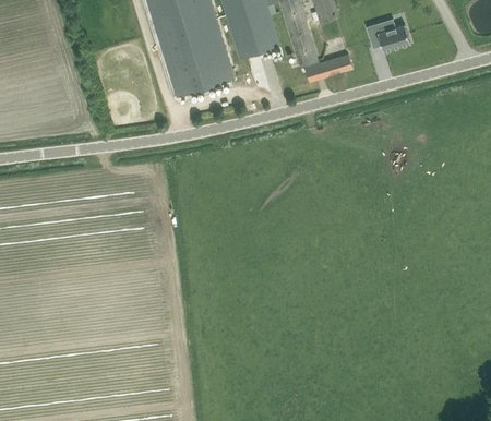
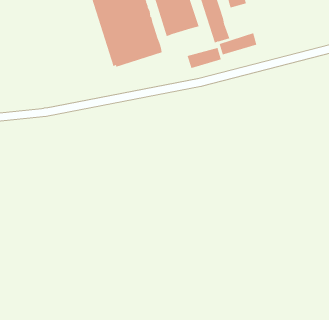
building: [366,22,410,50] -> none
building: none -> [187,47,222,69]

